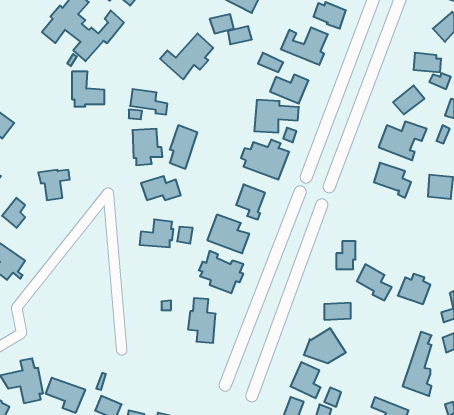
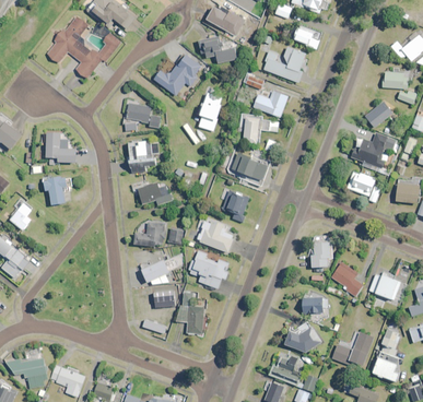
building: [72,72,104,107] -> [46,132,75,164]
building: [170,125,197,169] -> [198,92,223,131]
building: none -> [140,260,168,284]
building: none -> [331,332,374,366]

